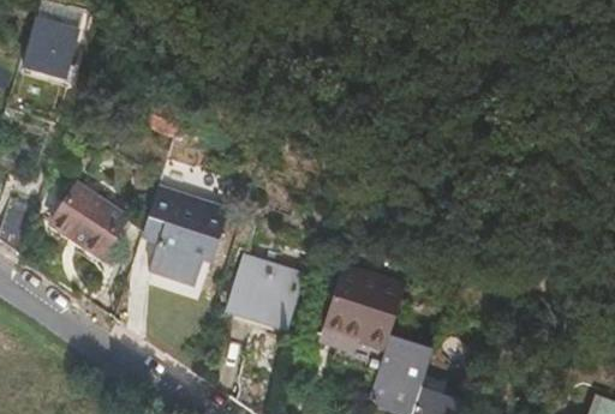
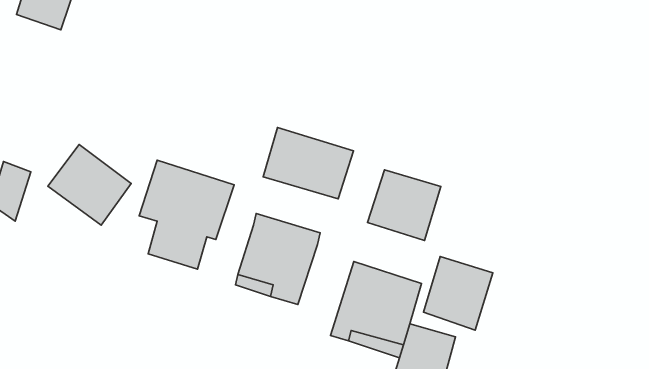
building: none -> [263,128,353,199]
building: none -> [367,170,441,241]
building: none -> [424,256,493,330]

